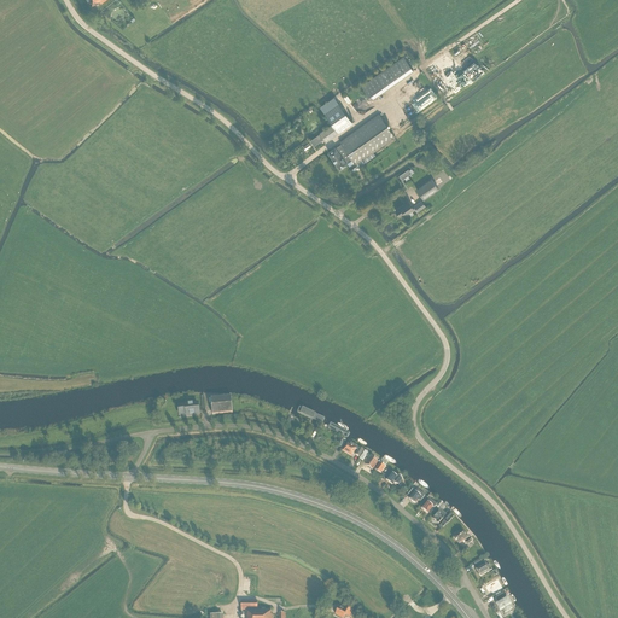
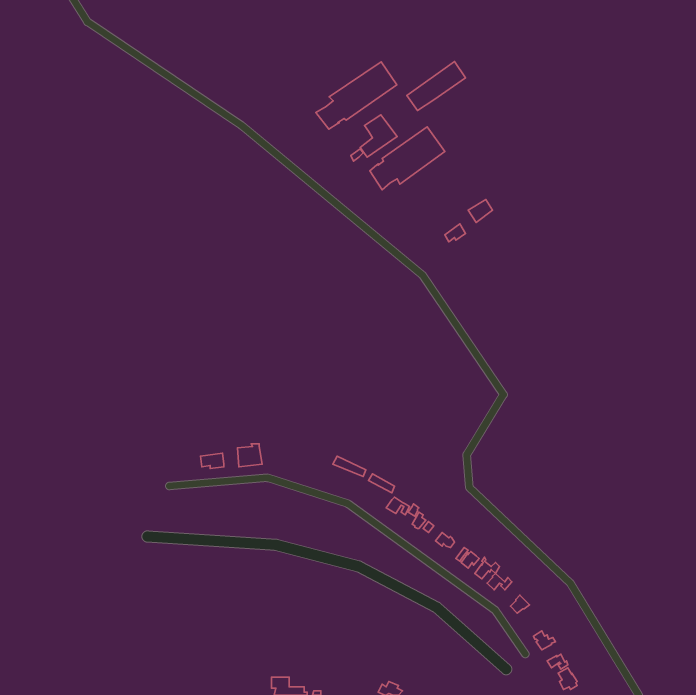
building: none -> [316,62,397,129]

